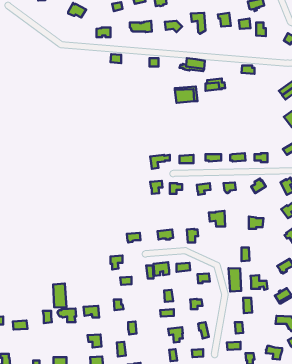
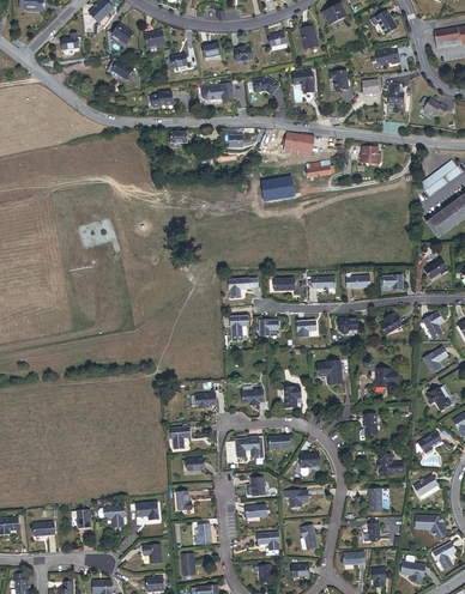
building: [228,268,241,292] -> none
building: [53,284,66,308] -> none

